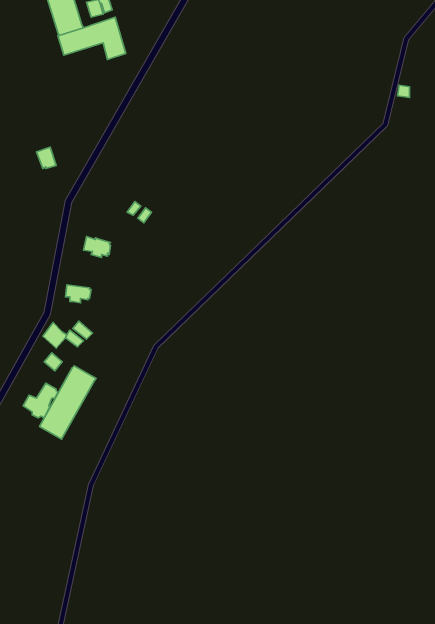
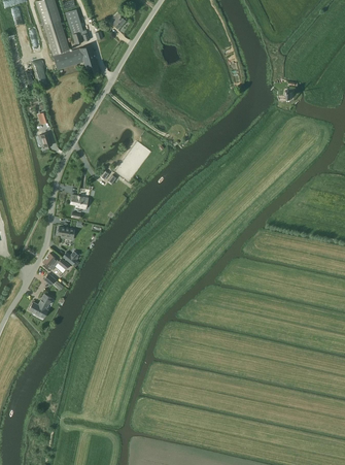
building: [39,366,96,439] -> none

